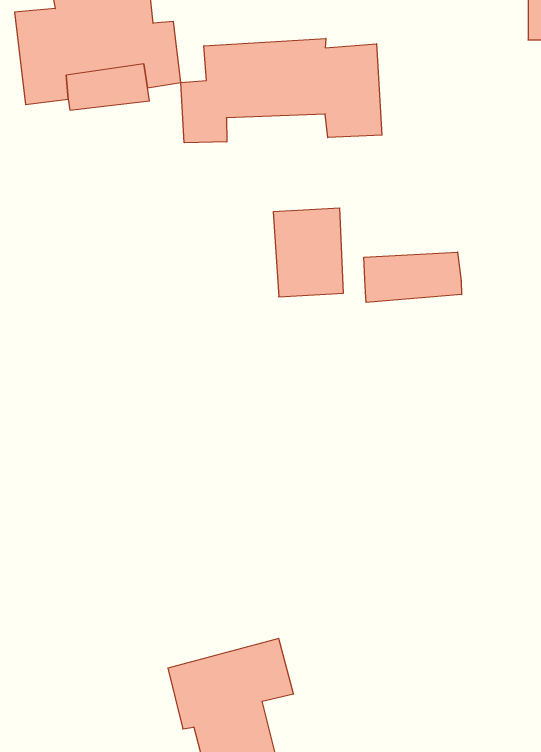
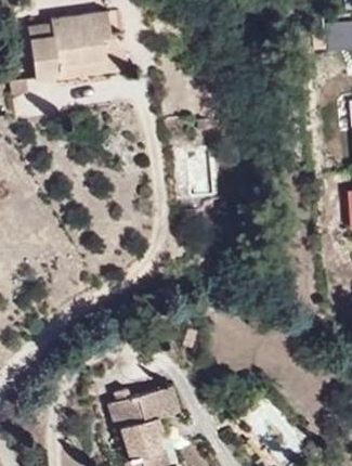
building: [181,38,382,143] -> none
building: [364,252,462,302] -> none

